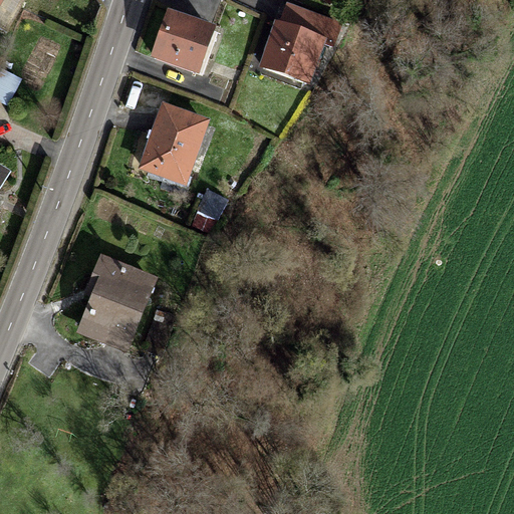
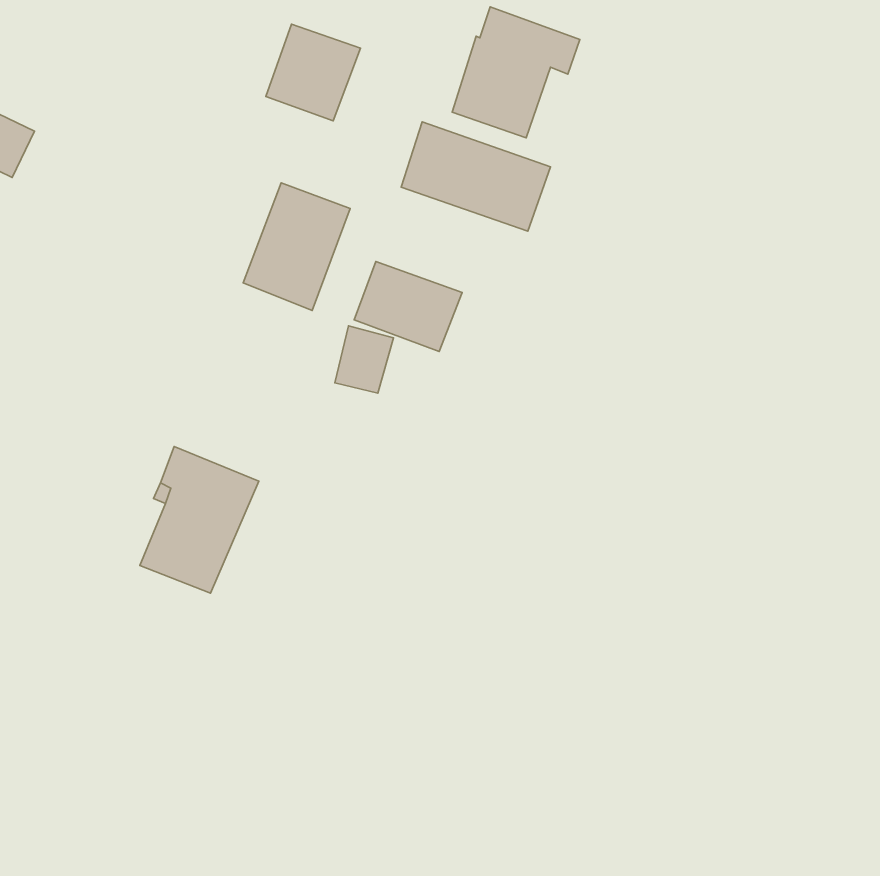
building: none -> [401,122,550,231]
building: none -> [354,262,462,352]

